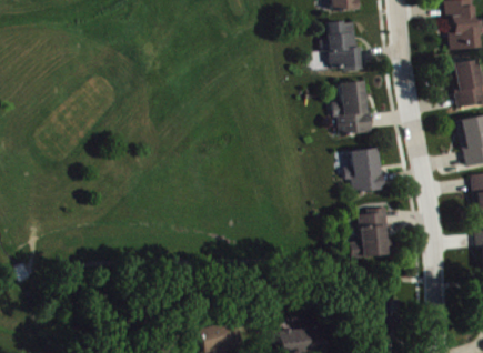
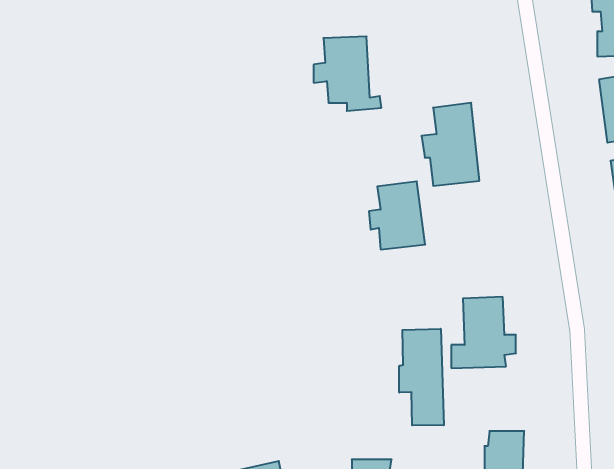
building: [321,21,366,71] -> [314,36,381,111]
building: [345,148,383,193] -> [369,181,425,249]
building: none -> [399,329,444,425]

